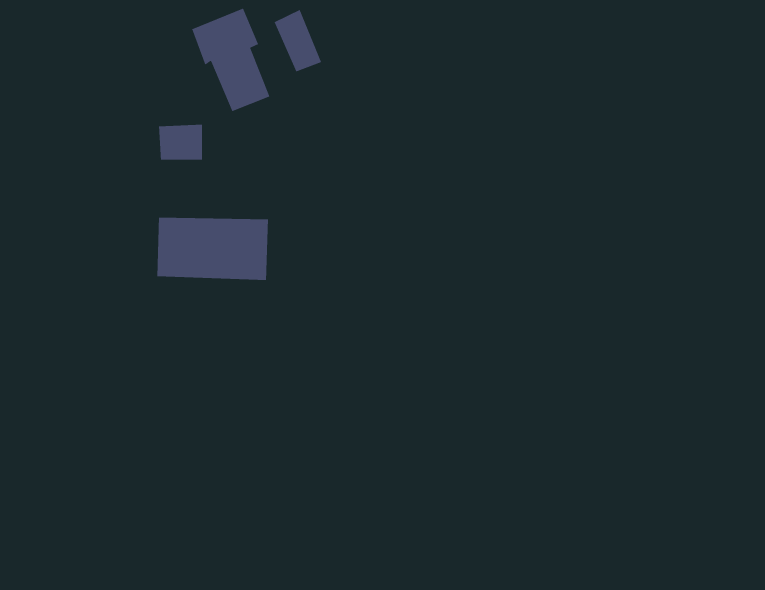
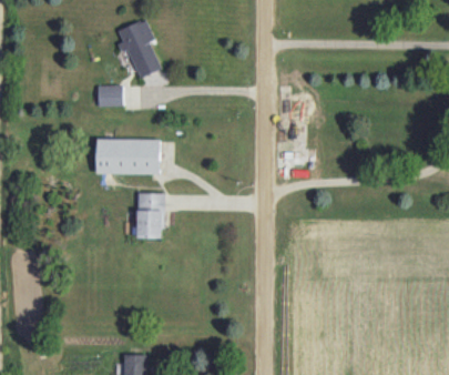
building: [274,9,322,73] -> none
building: none -> [137,193,164,239]

